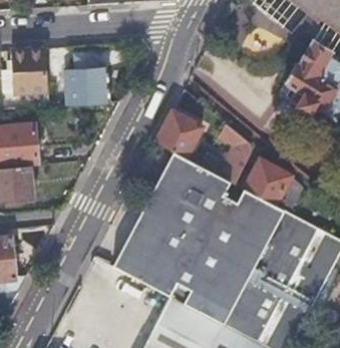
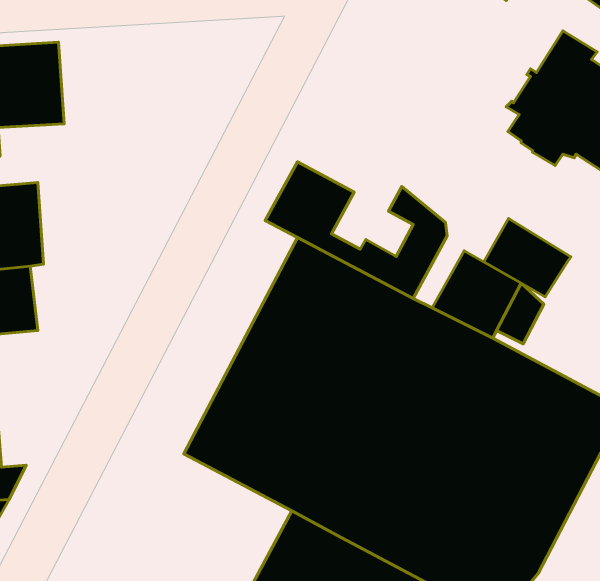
building: [66,54,110,104] -> none
building: none -> [484,218,571,297]

